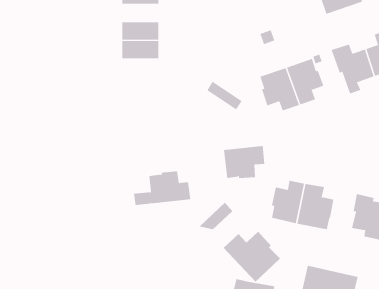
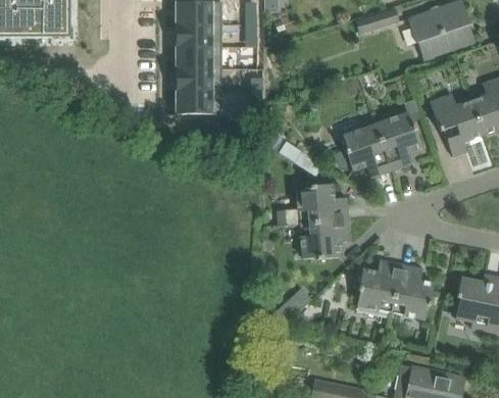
building: none -> [176,47,221,68]
building: [133,171,191,205] -> [278,184,348,226]
building: [223,231,281,283] -> none

